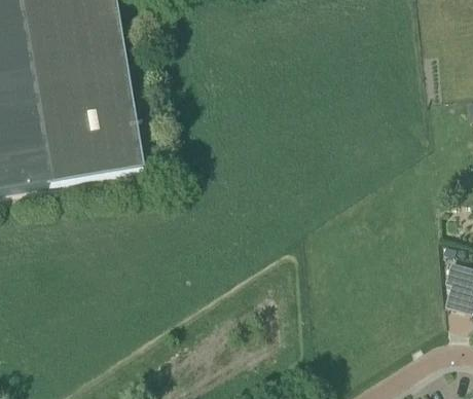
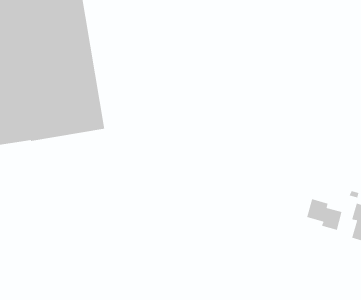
building: none -> [306,198,343,231]

